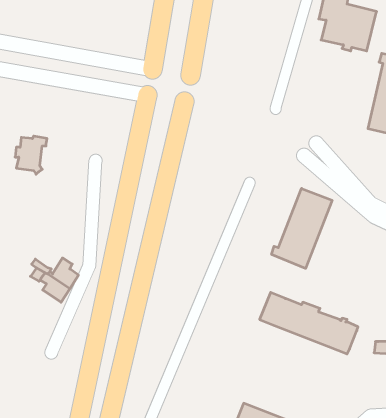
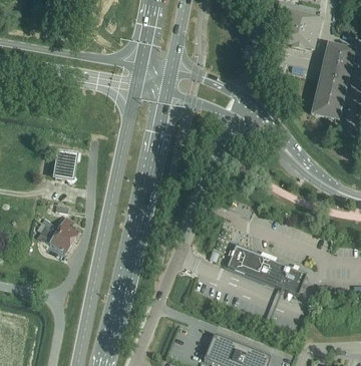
building: [15,136,47,174] -> [53,151,79,182]
building: [272,188,332,268] -> none

